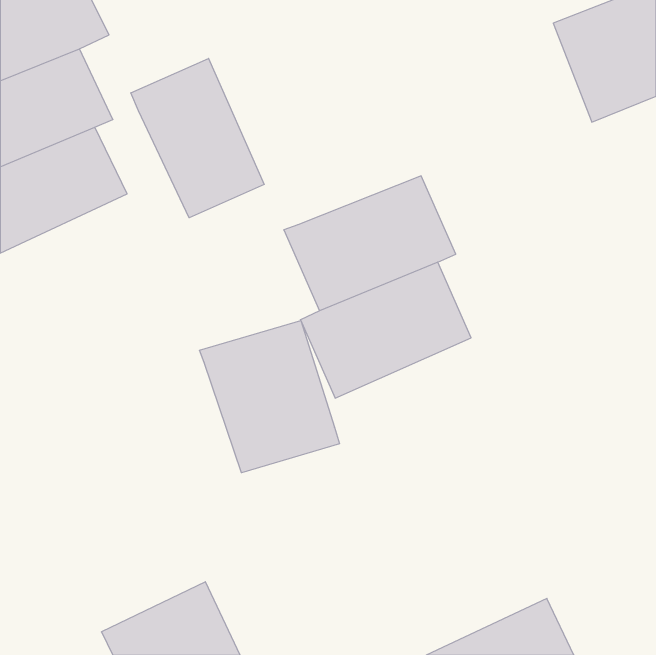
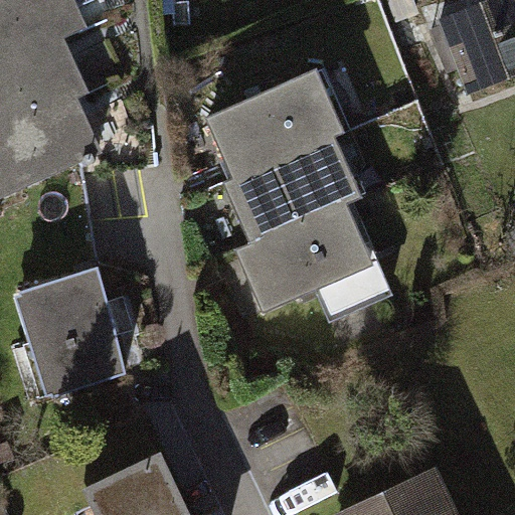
building: [131,58,264,218] -> none
building: none -> [208,70,347,176]
building: [199,320,339,473] -> none
building: none -> [17,270,128,396]

